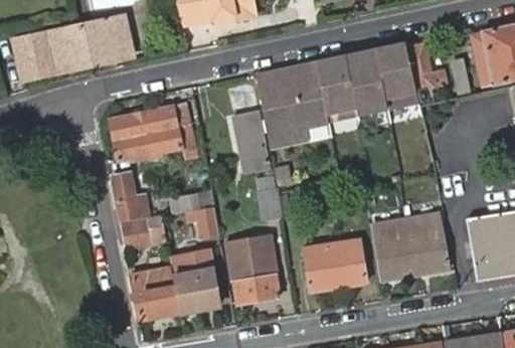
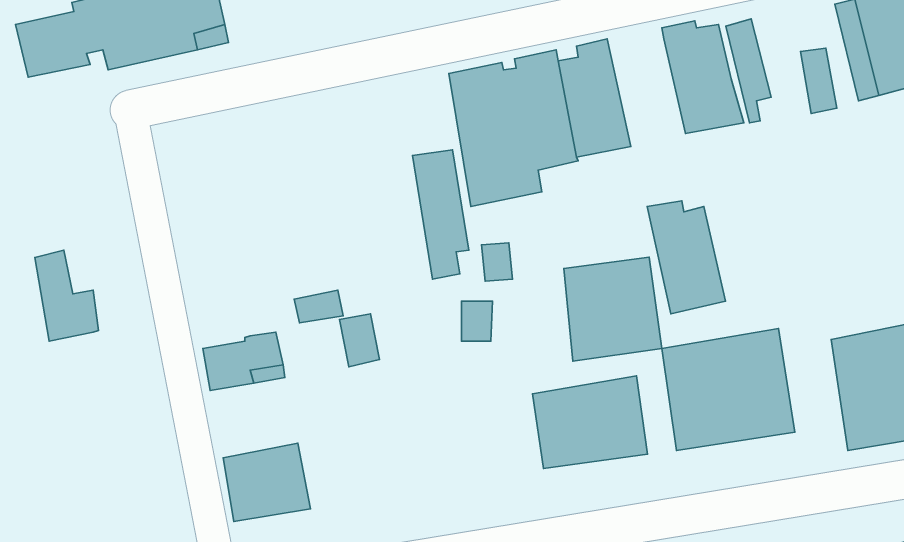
building: [345,50,388,113] -> [647,201,726,314]
building: [110,99,197,160] -> none
building: [113,173,148,223] -> [35,250,98,341]
building: none -> [564,257,662,361]
building: [230,243,281,303] -> none
building: [174,250,220,313] -> none

